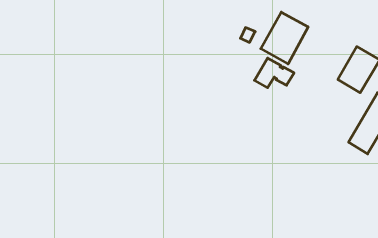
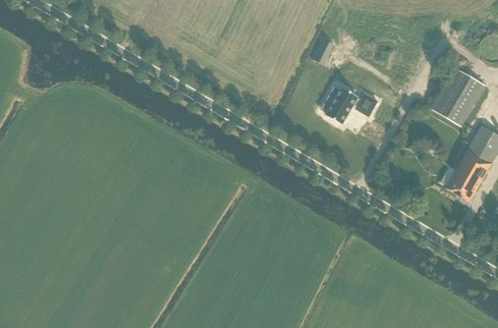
building: [261,12,308,64] -> none

